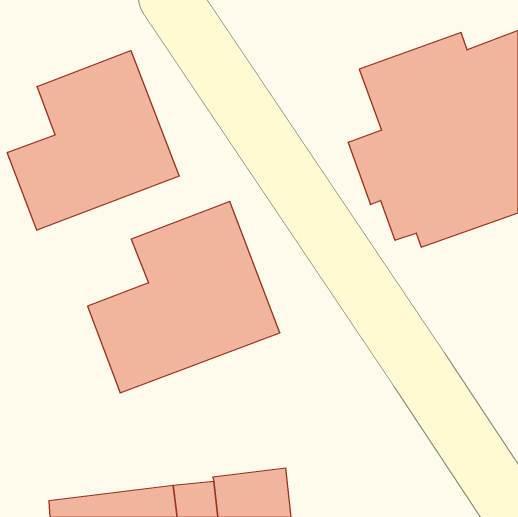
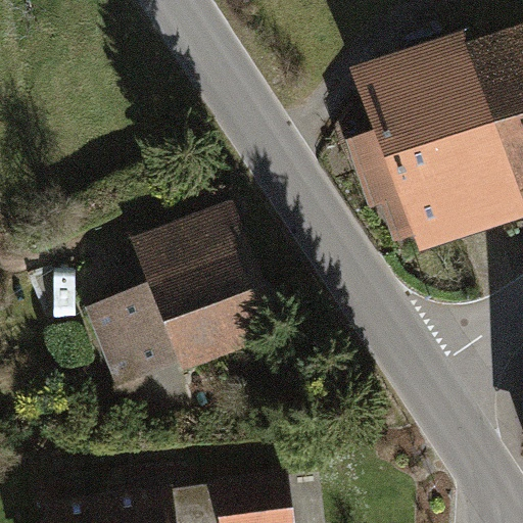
building: [7,51,179,230] -> none

